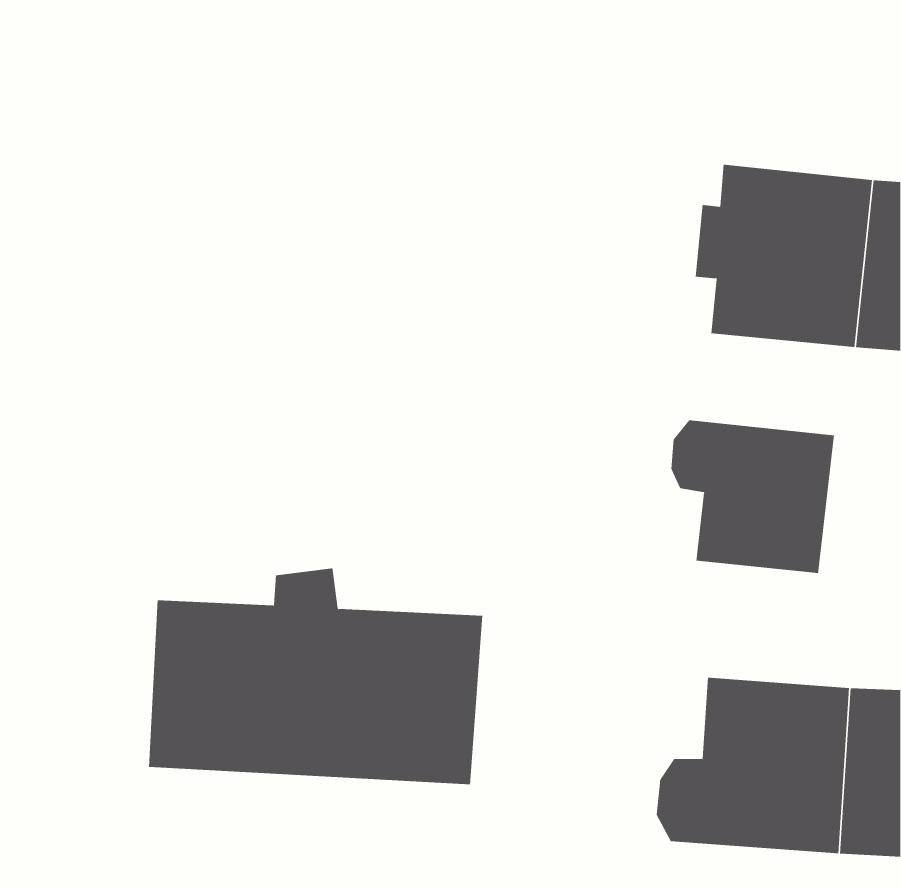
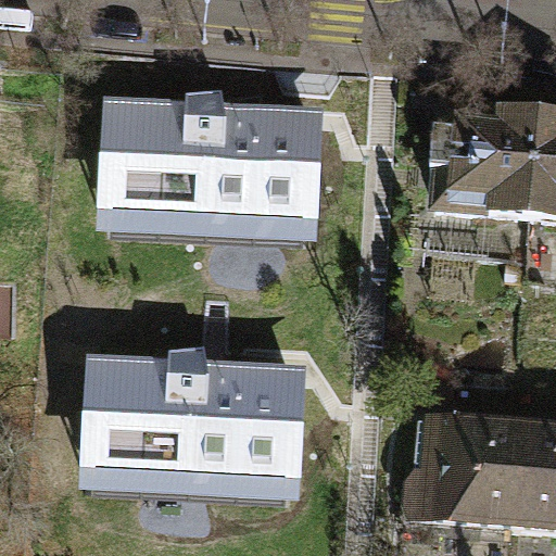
building: none -> [109,91,314,225]
building: [671,419,835,574] -> none

